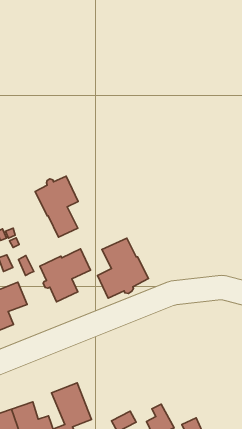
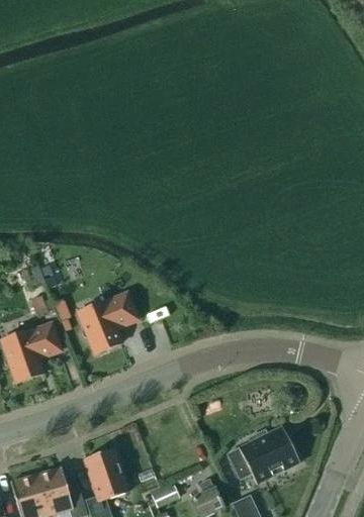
building: [35,176,78,237] -> none
building: [97,238,148,298] -> none
building: none -> [226,425,299,484]

